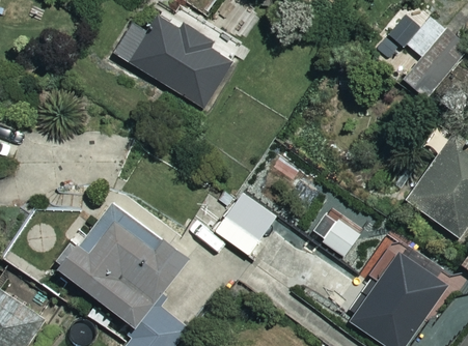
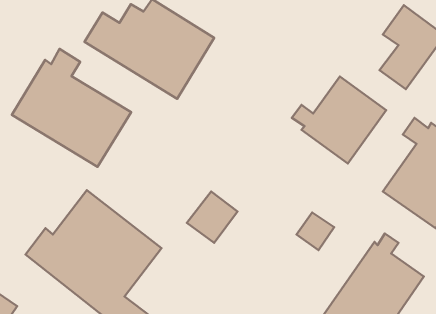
building: none -> [12,49,131,167]
building: none -> [292,77,386,163]

